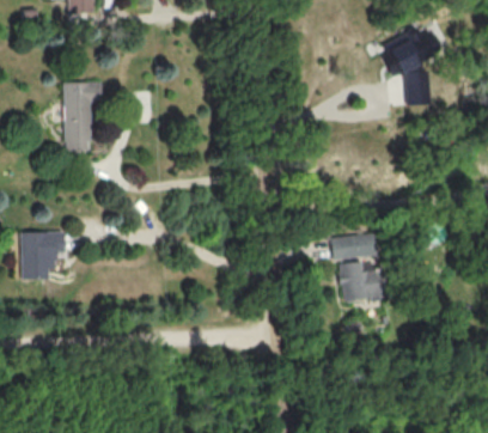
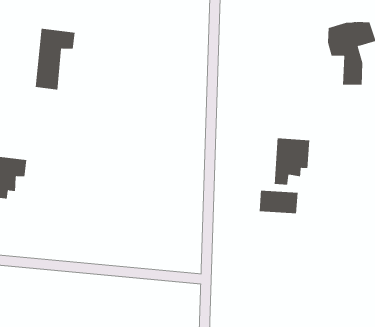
building: none -> [274,138,310,185]
building: [340,261,380,300] -> none

